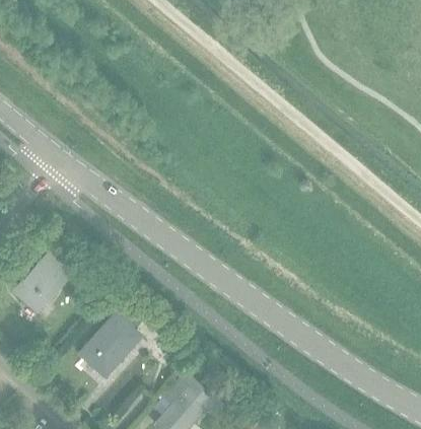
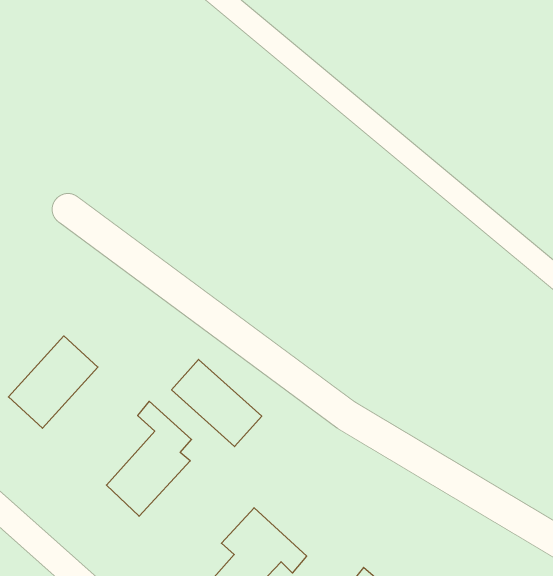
building: none -> [172,359,262,447]

